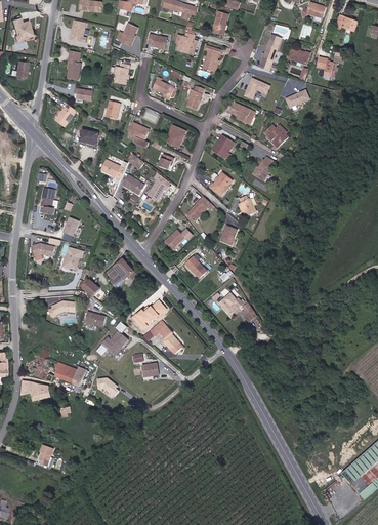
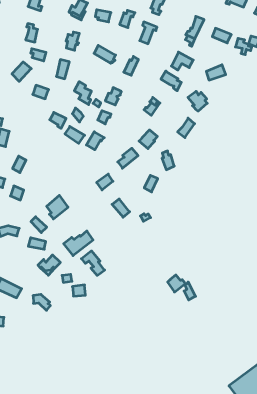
building: [220,294,255,323] -> [168,275,196,300]

